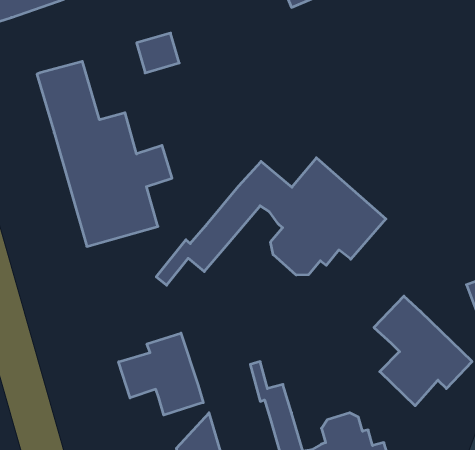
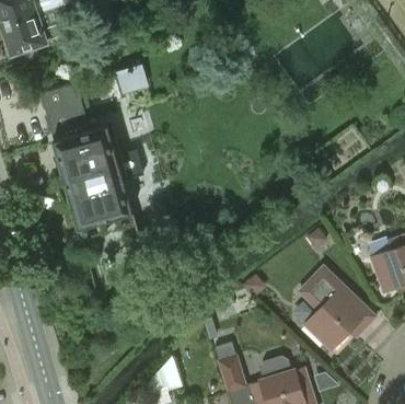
building: [156,158,386,285] -> none
building: [119,333,203,415] -> none

